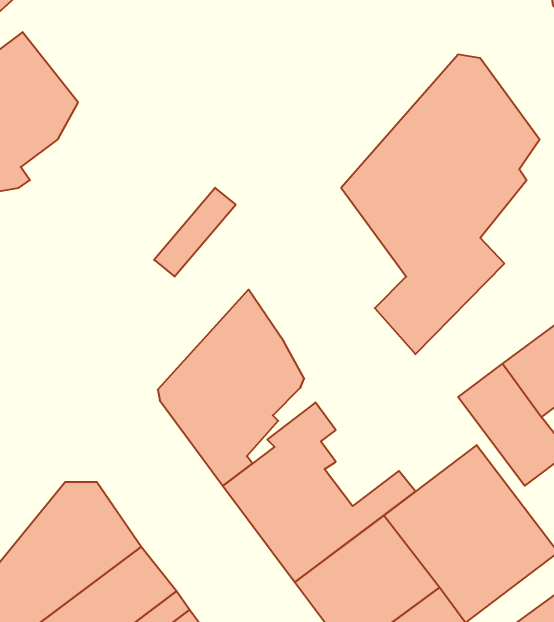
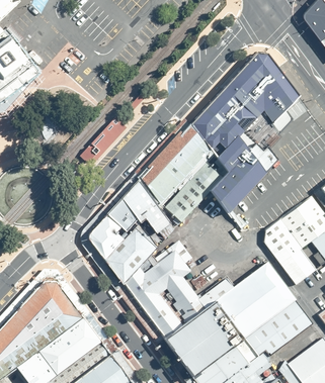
building: none -> [139,121,225,222]

